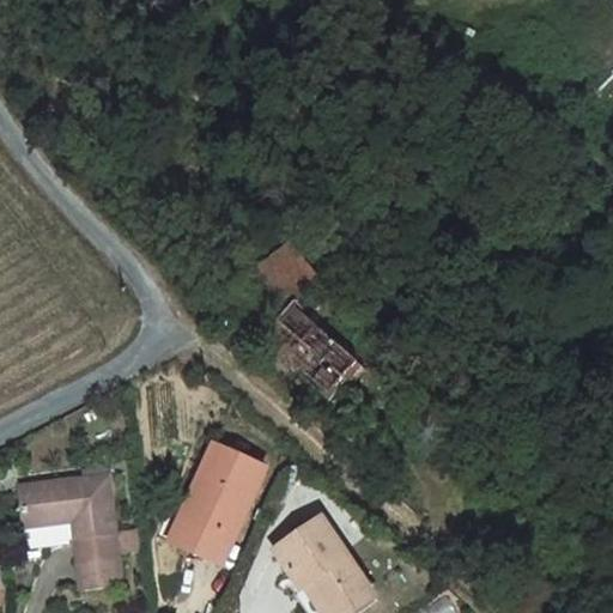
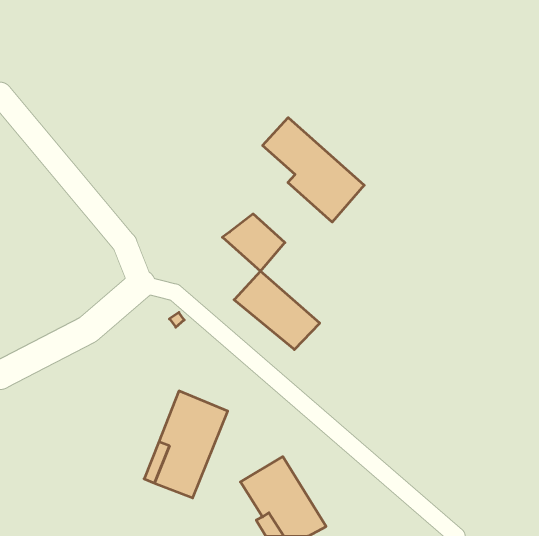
building: none -> [263,118,364,222]
building: [22,467,127,583] -> none

